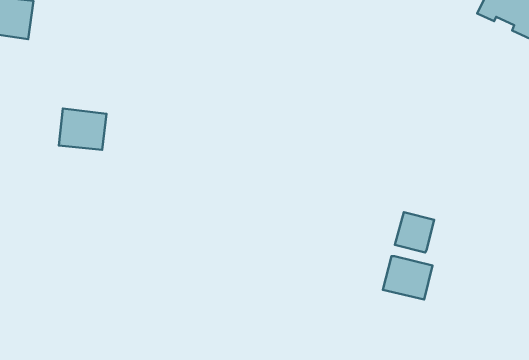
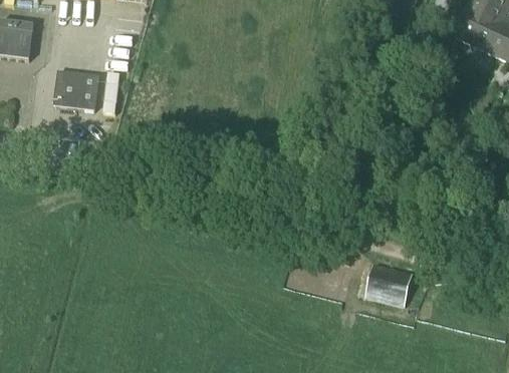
building: [59,108,106,150] -> [54,69,99,108]
building: [395,212,434,253] -> none

